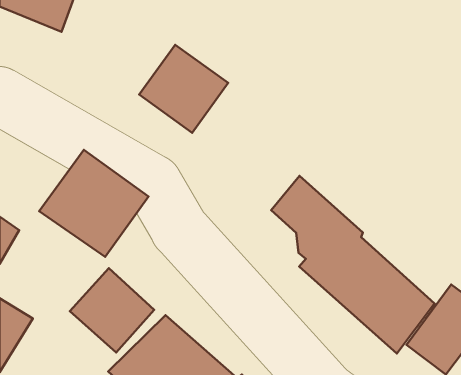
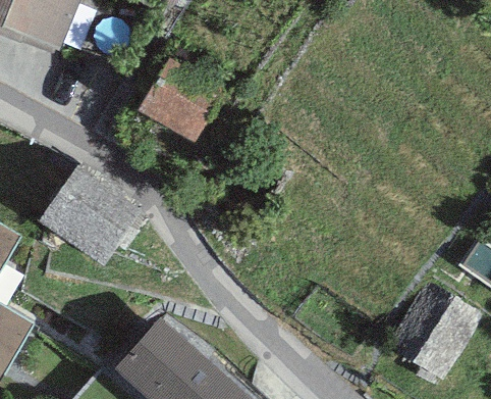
building: [271,176,435,354] -> none
building: [70,268,154,352] -> none

